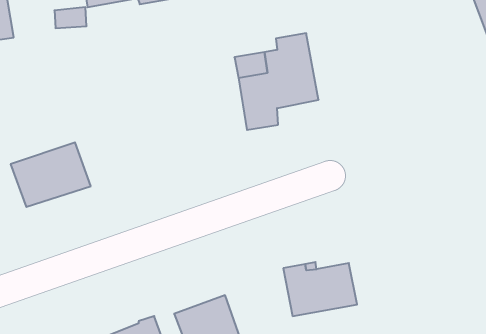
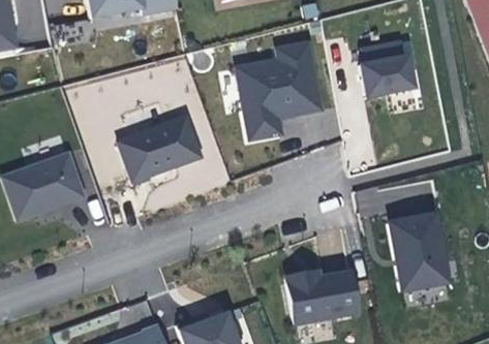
building: none -> [372,50,431,93]
building: none -> [126,116,211,180]
building: none -> [389,214,447,291]

